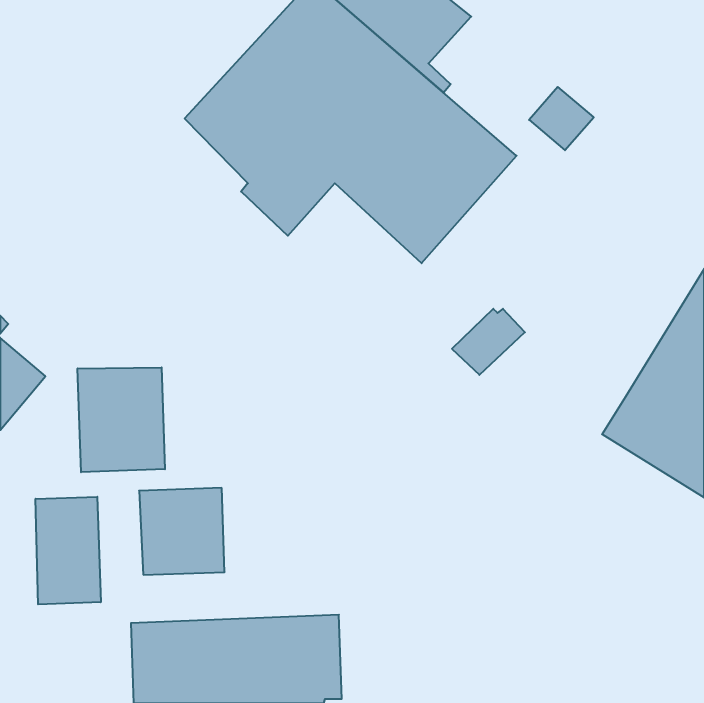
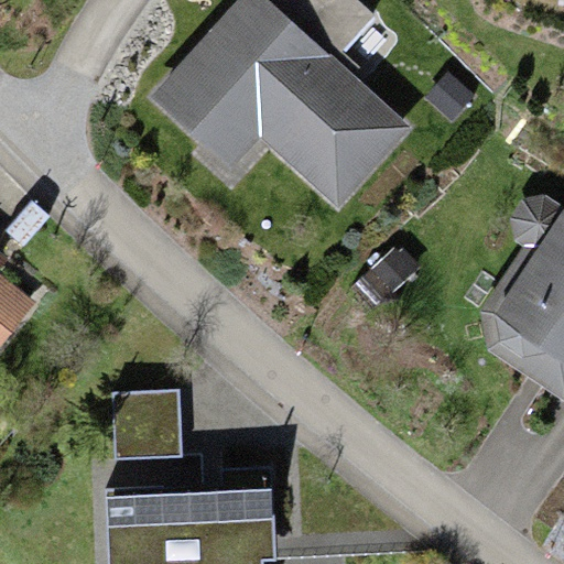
building: [78,367,165,472] -> none
building: [36,497,101,604] -> none

